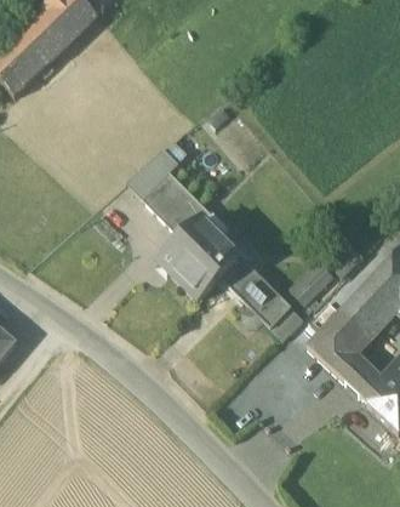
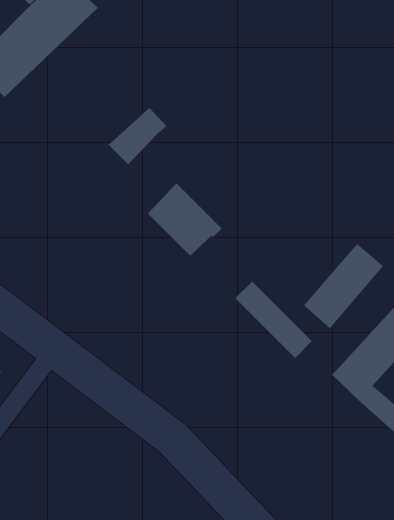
building: [126,148,179,200] -> [108,107,167,165]
building: [161,213,248,301] -> none

